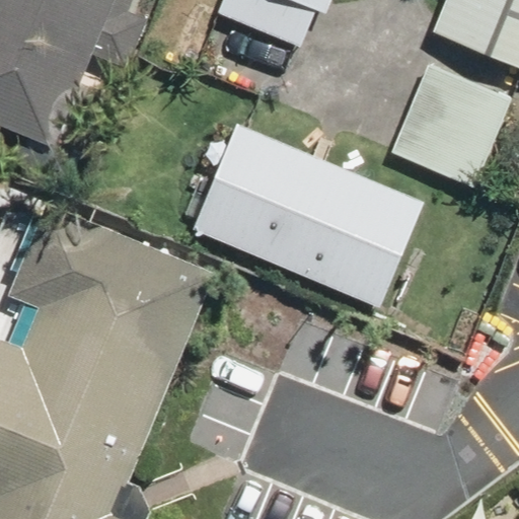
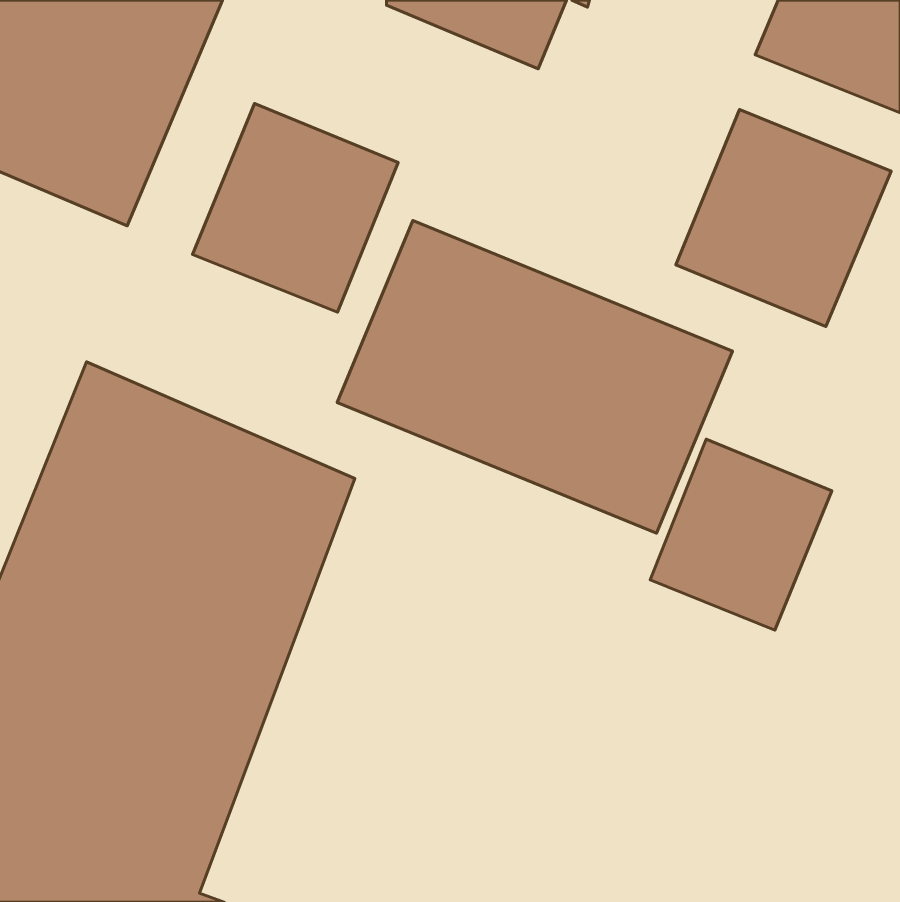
building: none -> [192,104,398,312]
building: none -> [650,439,832,630]

